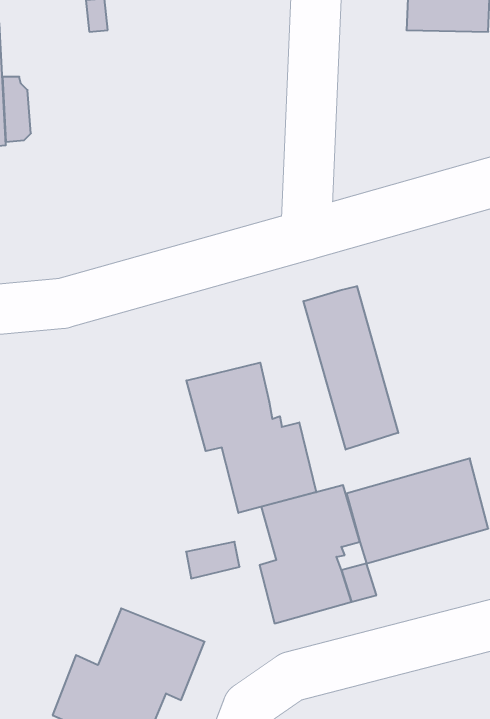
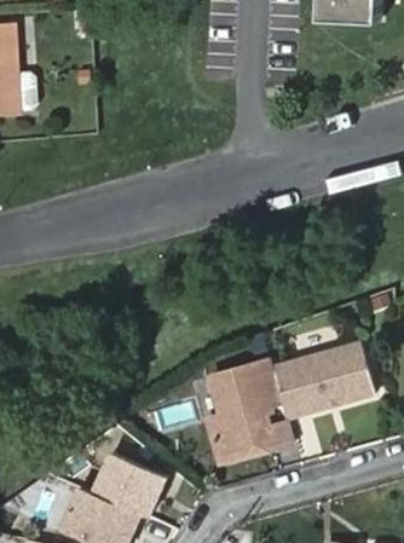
building: [303,286,398,450] -> none
building: [186,363,316,513] -> none

